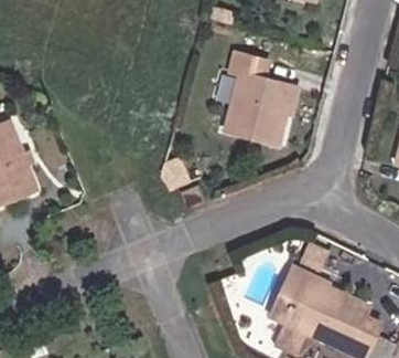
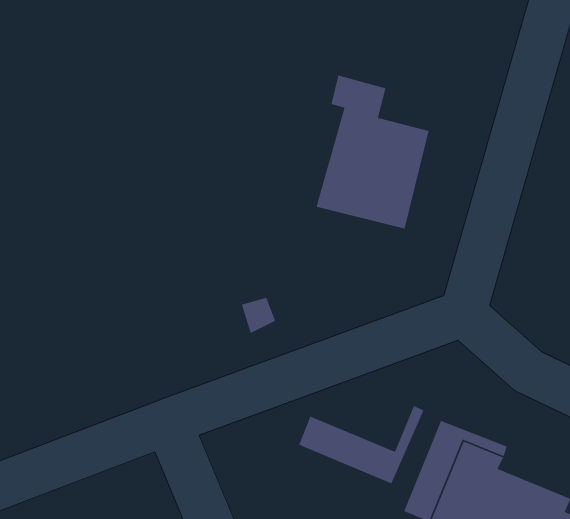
building: none -> [298,405,424,485]

